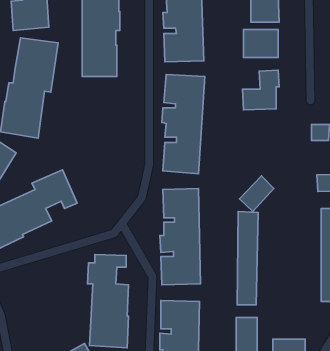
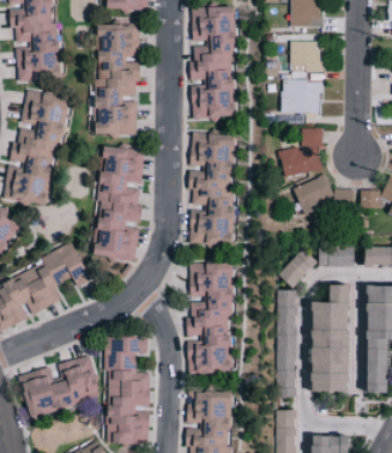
building: none -> [96,146,144,260]
building: none -> [300,181,352,207]
building: none -> [319,246,355,266]
building: none -> [313,284,351,391]
building: none -> [20,355,101,417]

